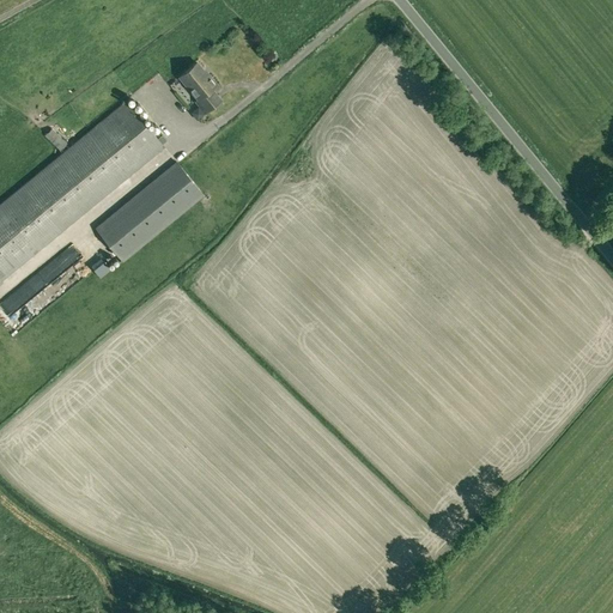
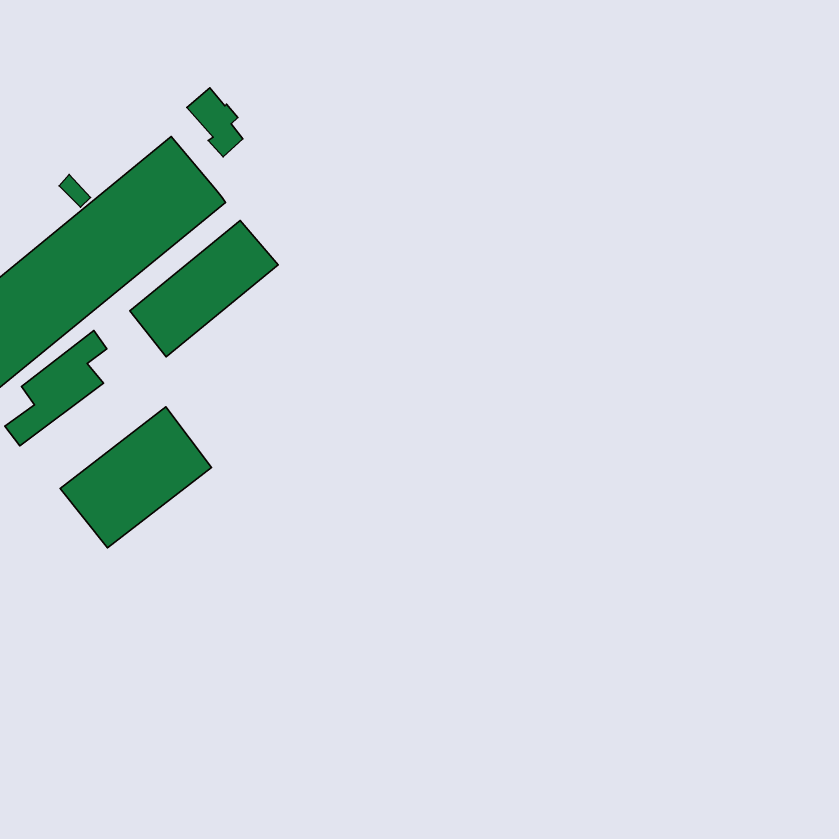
building: [178,63,219,114] -> [187,88,243,157]
building: none -> [60,407,211,548]

